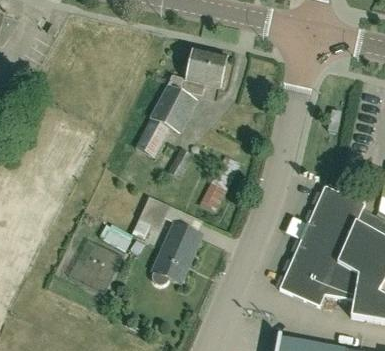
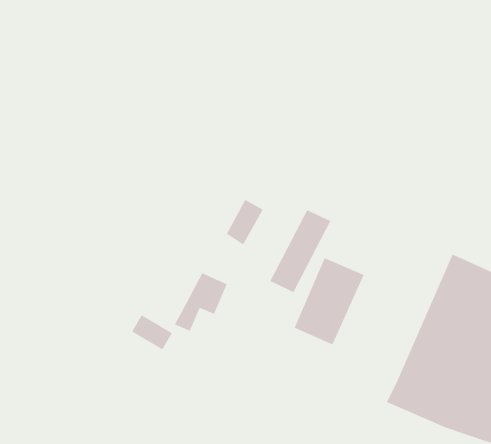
building: [134,47,227,156] -> none
building: [153,221,202,282] -> [294,257,365,345]

